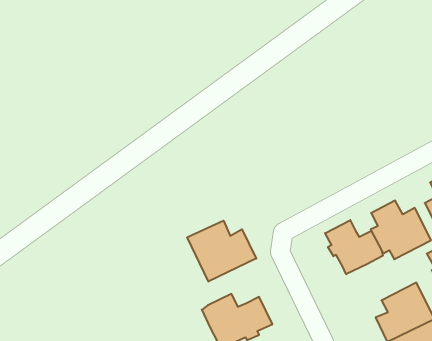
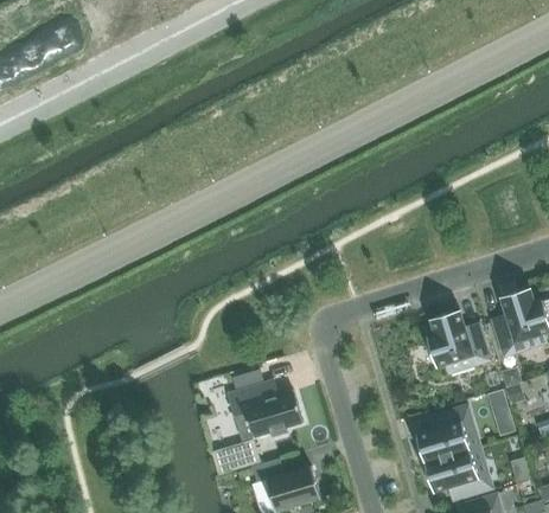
building: [325,220,383,274] -> none
building: [187,221,256,282] -> none

